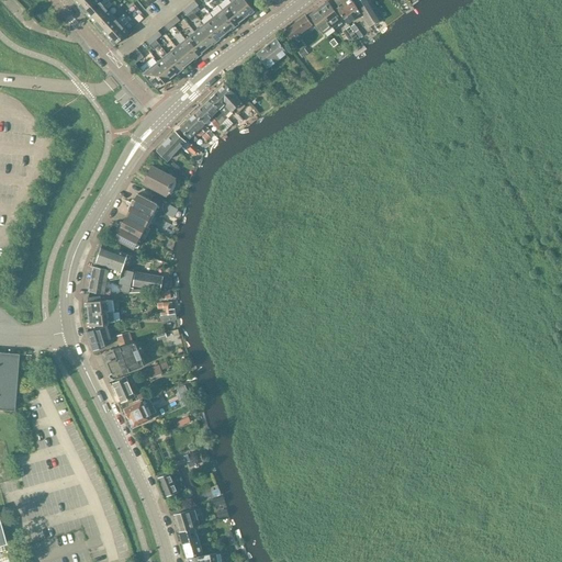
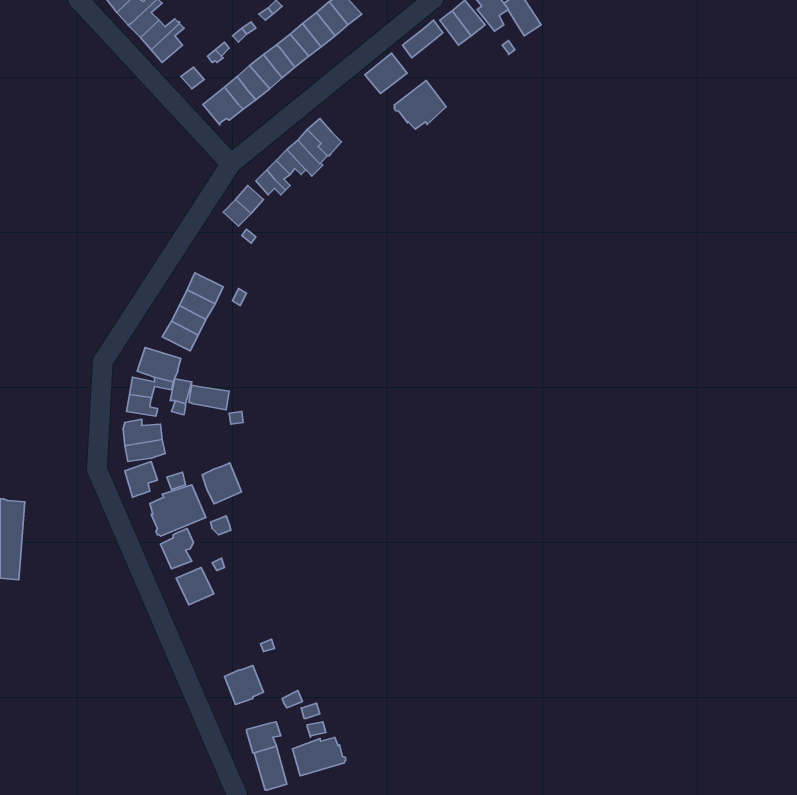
building: none -> [394,80,446,129]
building: [143,166,176,194] -> none
building: none -> [202,463,242,504]
building: none -> [293,738,346,776]

